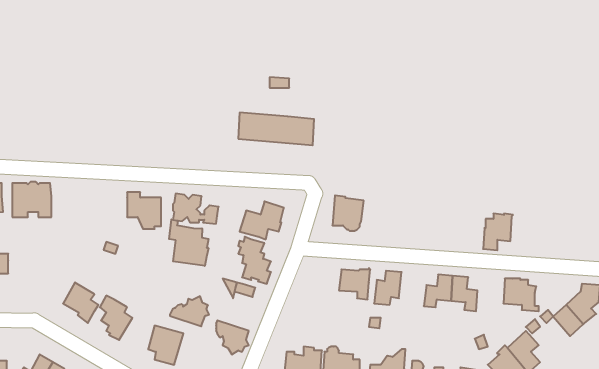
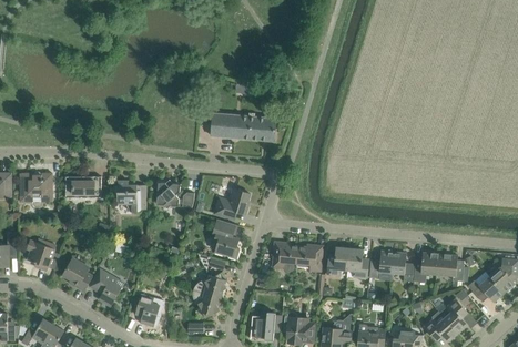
building: none -> [64,176,101,198]
building: [332,195,364,231] -> [272,242,298,272]
building: [483,214,513,250] -> [413,252,438,283]
building: [169,219,209,266] -> none
building: none -> [26,239,60,271]
building: none -> [347,248,368,278]
building: [170,296,209,326] -> [193,273,226,298]

